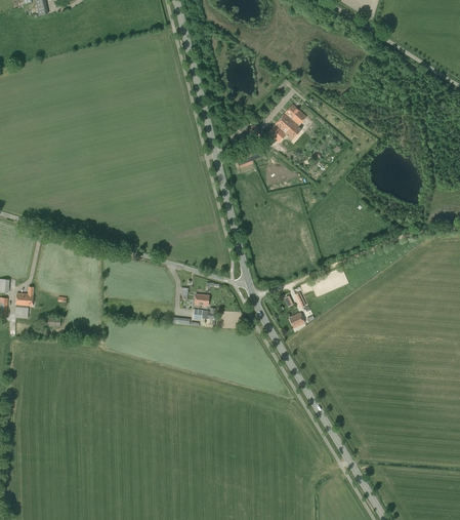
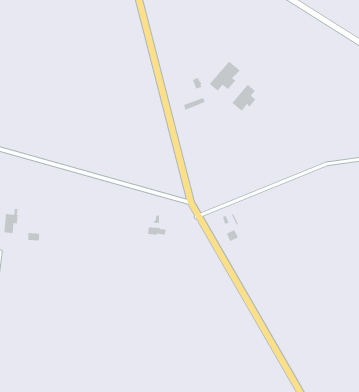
building: none -> [232,84,256,112]

